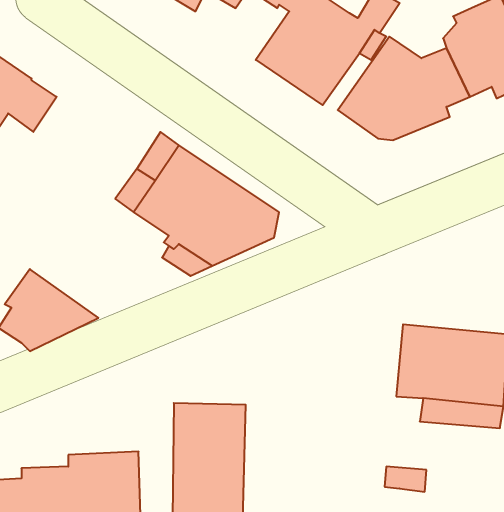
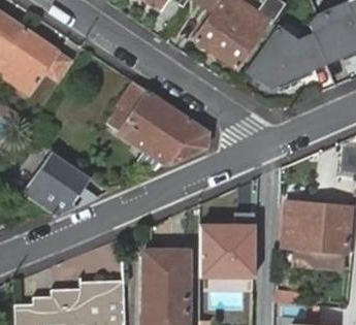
building: none -> [201,224,255,277]

